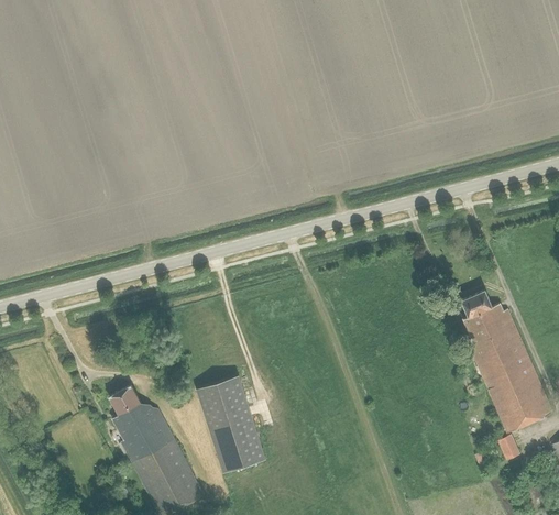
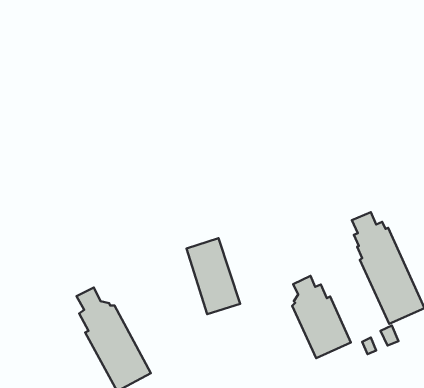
building: none -> [292,276,351,358]
building: [197,375,265,472] -> [186,238,240,314]

